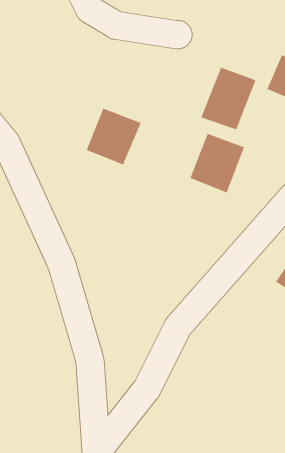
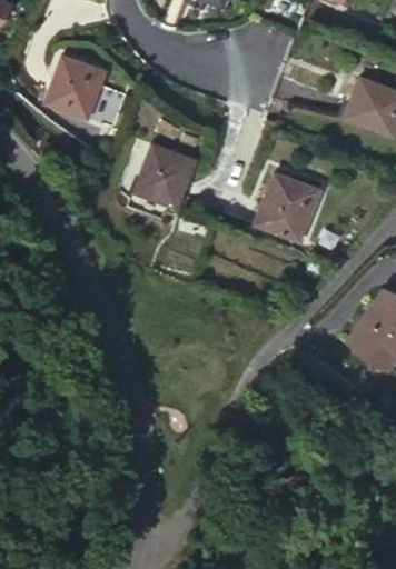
building: none -> [42,54,106,119]
building: [200,67,256,130] -> none

